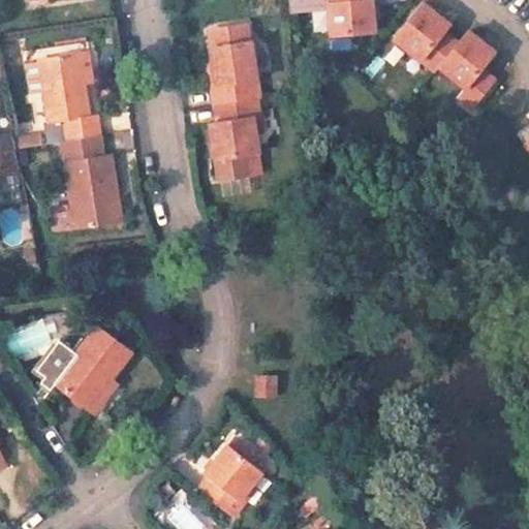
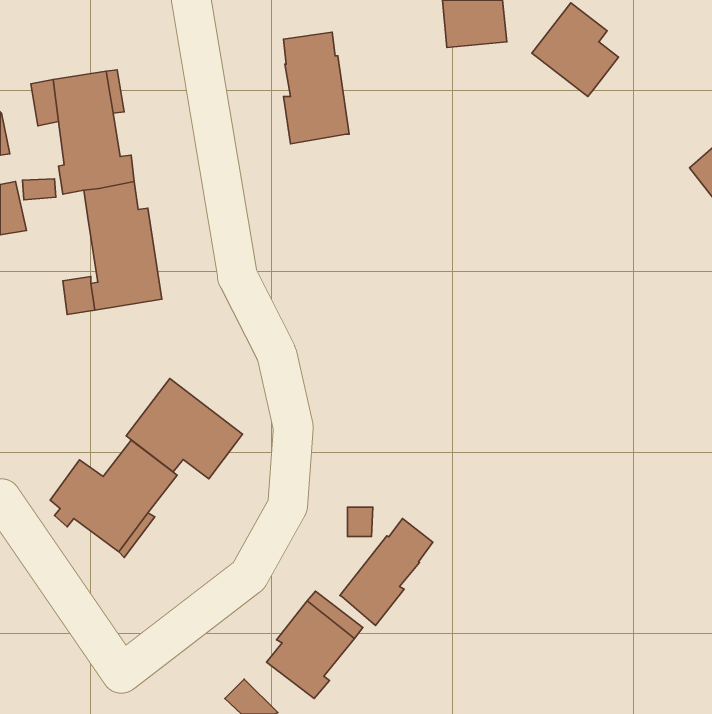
building: [440,30,496,107] -> none
building: [211,99,260,180] -> none
building: none -> [126,378,242,479]
building: none -> [340,518,433,625]

